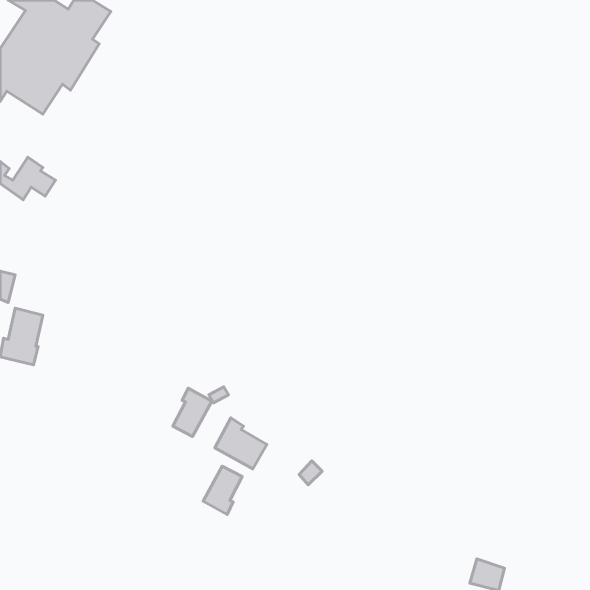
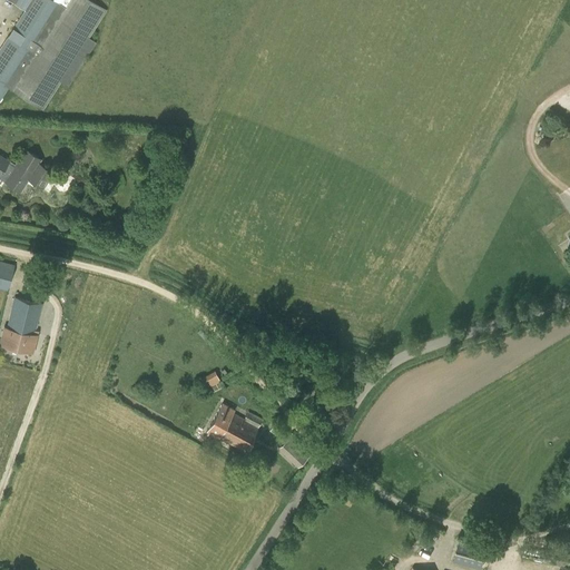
building: [173,388,212,436] -> none
building: [203,466,242,514] -> none

